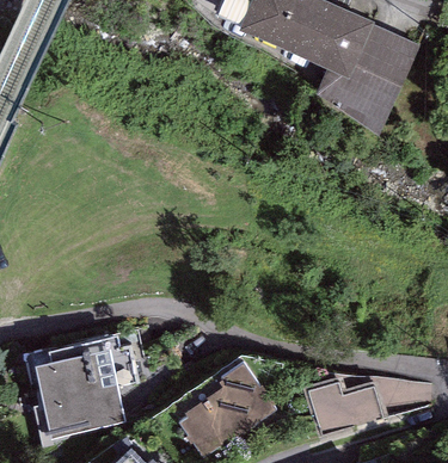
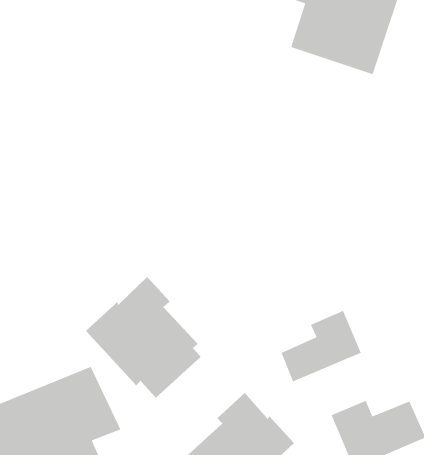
building: none -> [85,276,202,398]
building: none -> [281,310,362,382]

